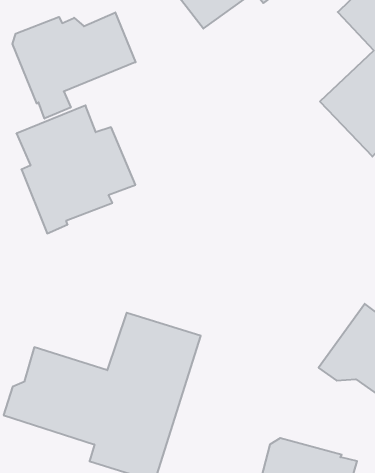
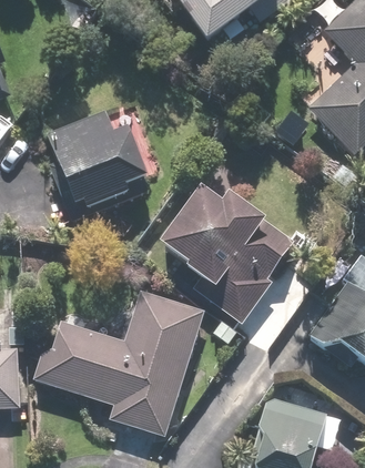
building: [13,12,136,119] -> none
building: none -> [158,186,294,322]

